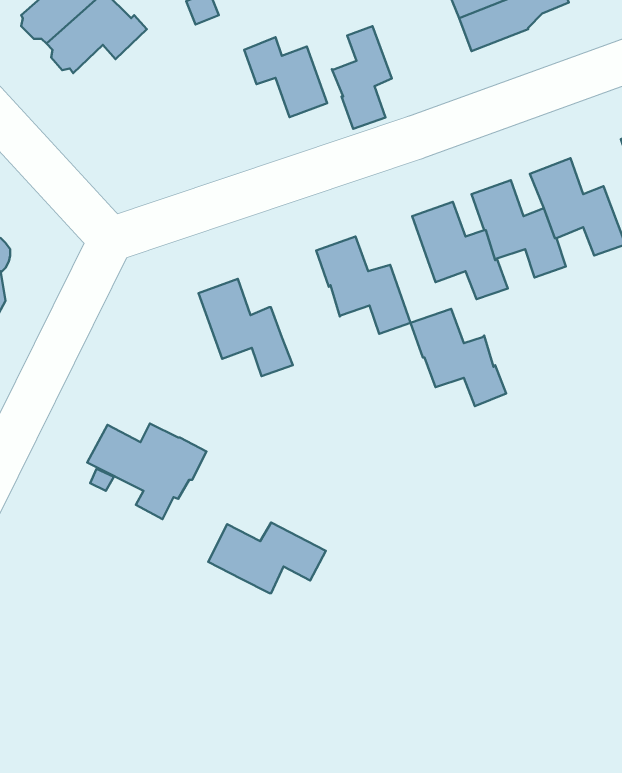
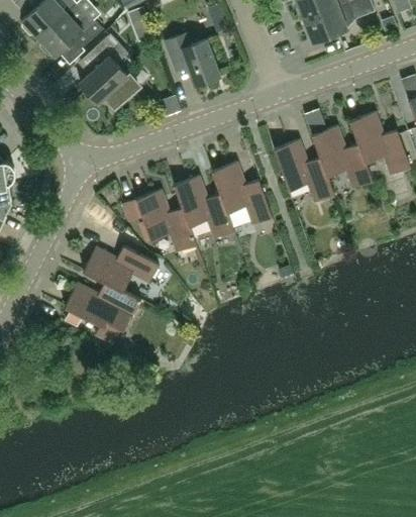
building: [332,26,392,129] -> none
building: none -> [80,34,138,109]
building: [410,309,506,406] -> [173,177,234,239]
building: [208,522,326,593] -> [83,246,159,292]

